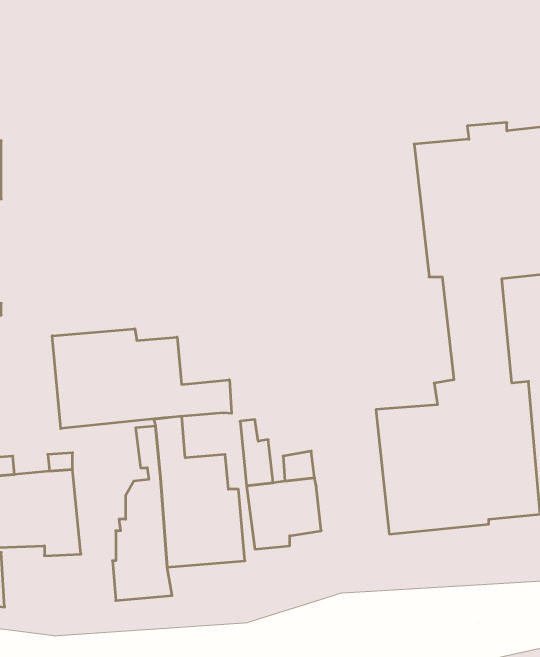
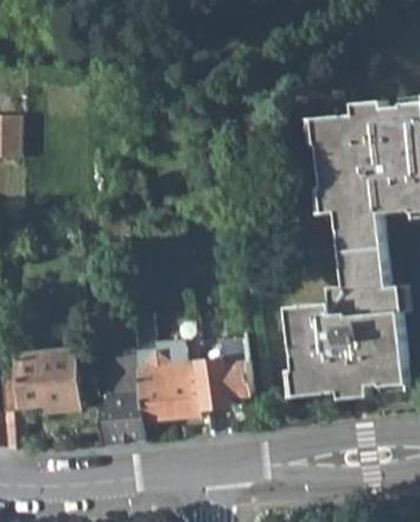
building: [52,329,232,429] -> none

